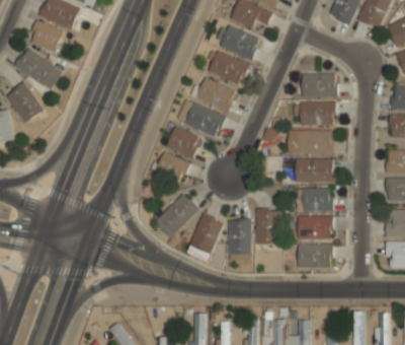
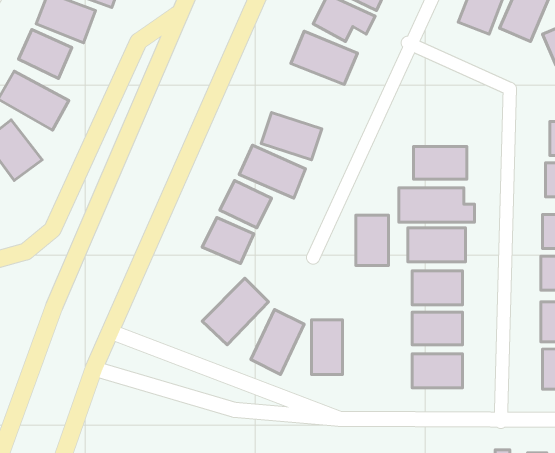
building: [208,51,249,85] -> none
building: [302,73,337,96] -> none
building: [256,209,278,244] -> [356,215,388,266]

